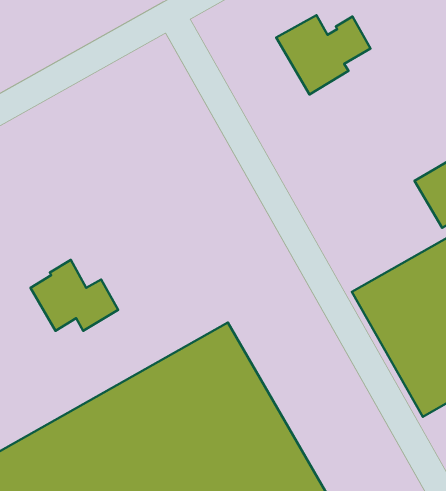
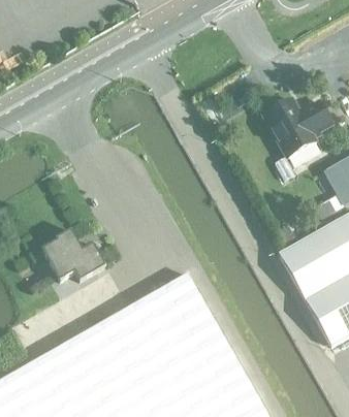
building: [276,15,371,94] -> [262,99,332,158]

